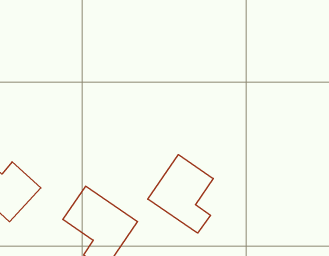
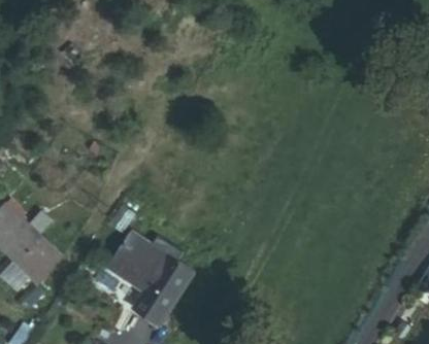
building: [148,155,213,233] -> none

